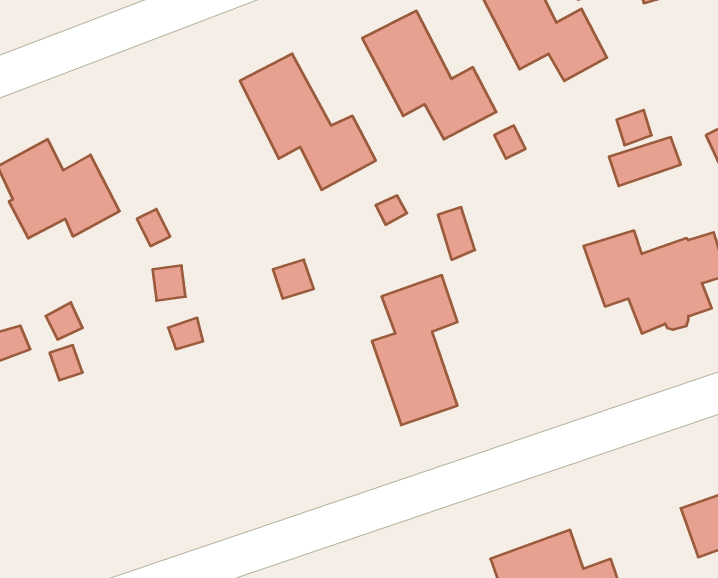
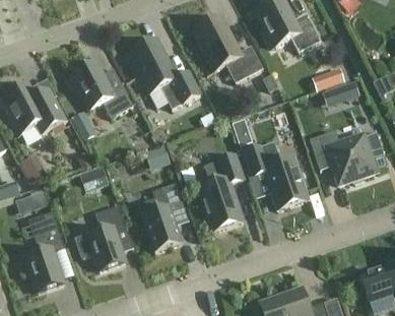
building: none -> [72,61,133,117]
building: none -> [245,140,308,209]
building: none -> [139,182,186,251]
building: none -> [77,204,127,270]
building: none -> [25,210,65,292]

